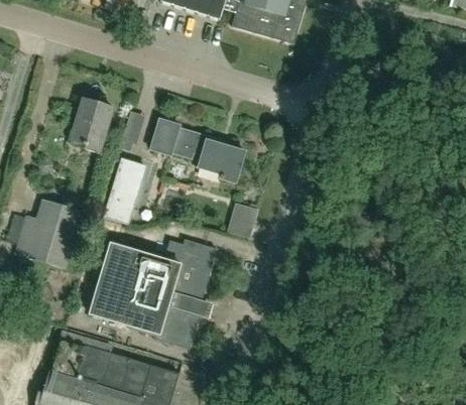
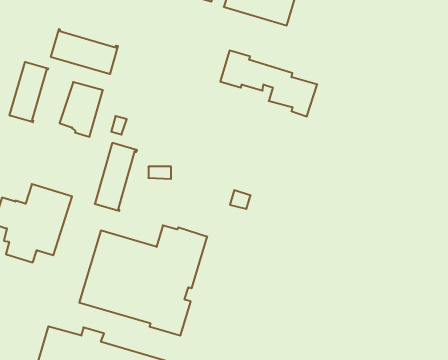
building: none -> [51,29,118,74]
building: none -> [10,62,48,122]
building: [151,118,246,182] -> [220,50,317,116]

